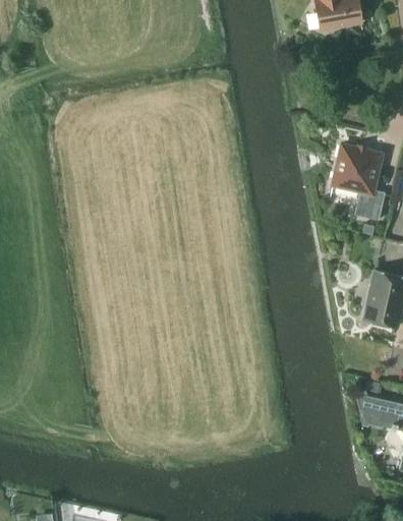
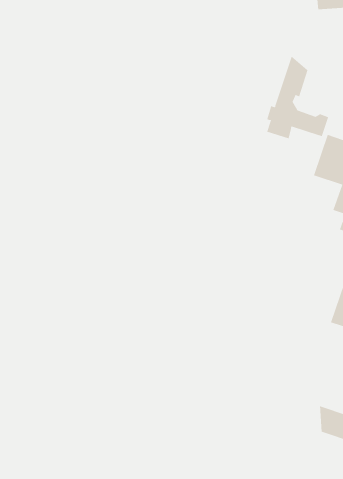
building: none -> [267,55,329,139]

